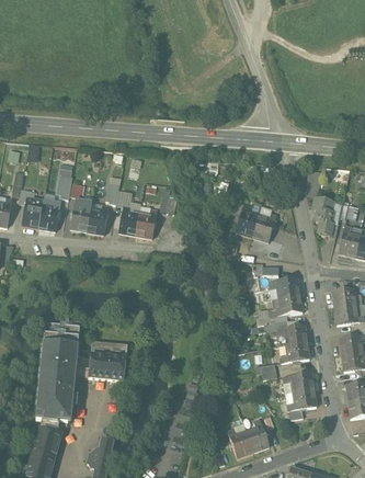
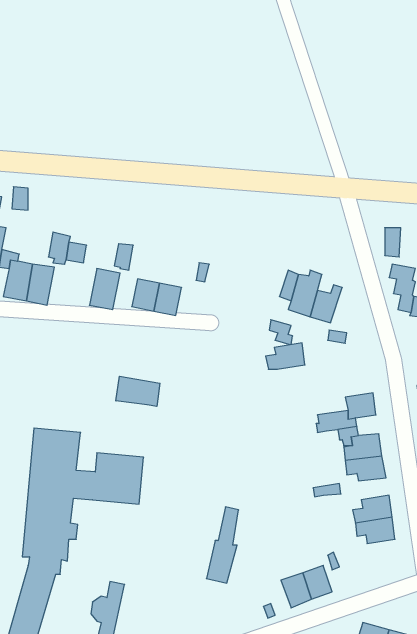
building: [70,200,92,230] -> none
building: [270,280,299,299] -> [266,343,305,369]
building: none -> [116,376,160,406]

